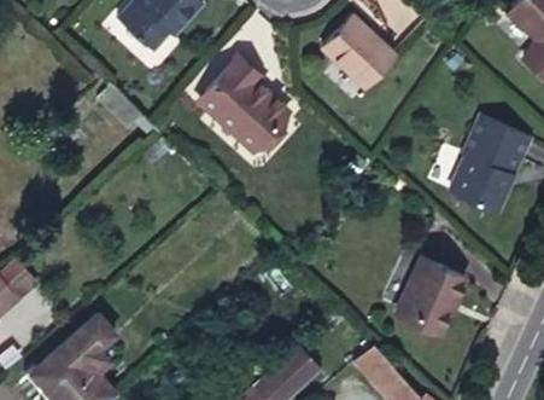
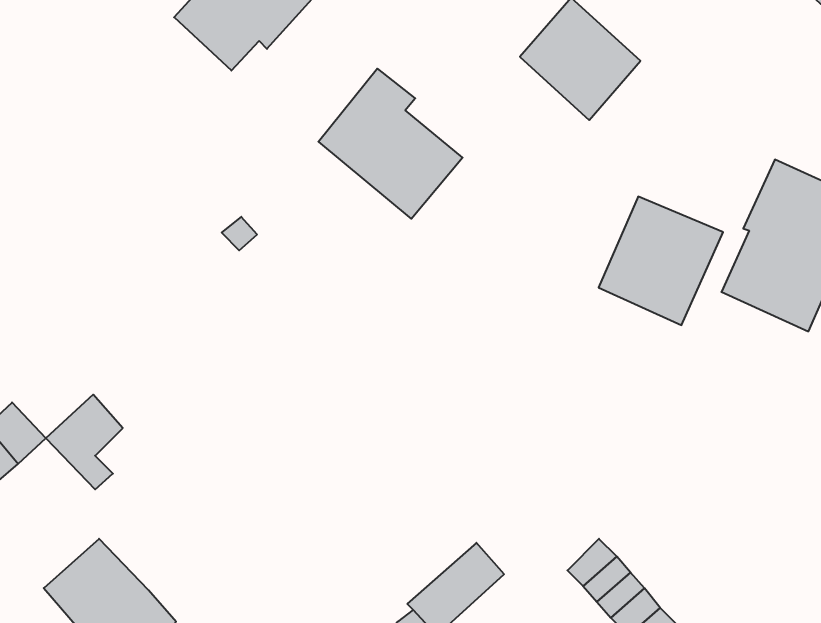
building: [394,254,470,332] -> [599,197,723,325]
building: [66,318,113,376] -> [46,395,123,489]

